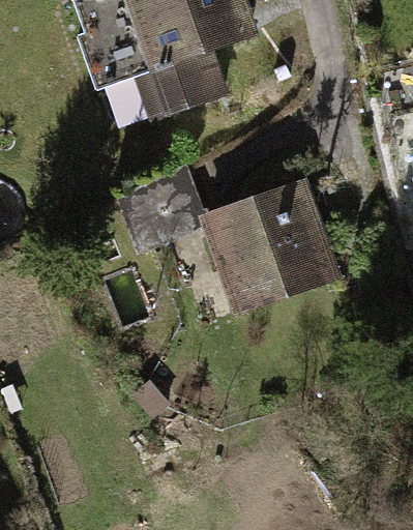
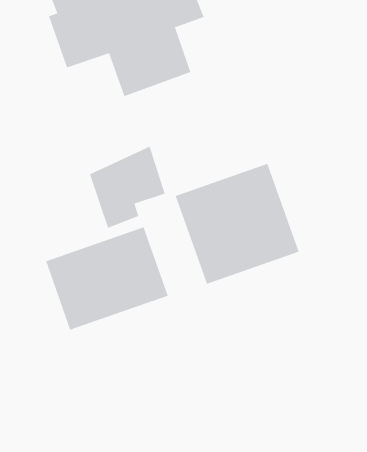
building: none -> [45,227,168,331]

